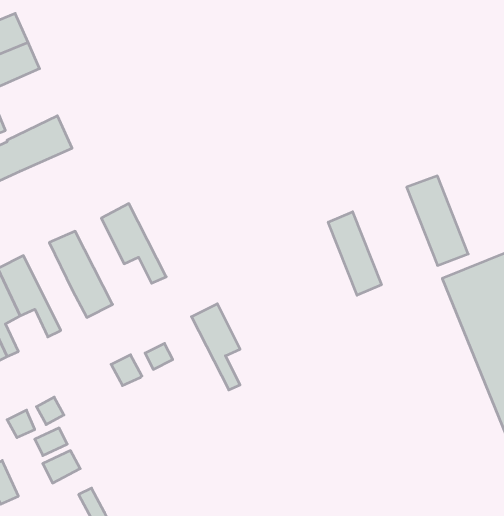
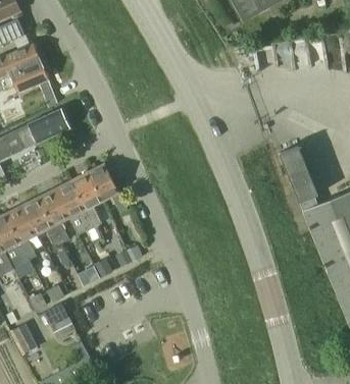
building: [328,212,381,295] -> none
building: none -> [39,188,69,243]
building: [191,304,240,390] -> [71,173,102,227]

